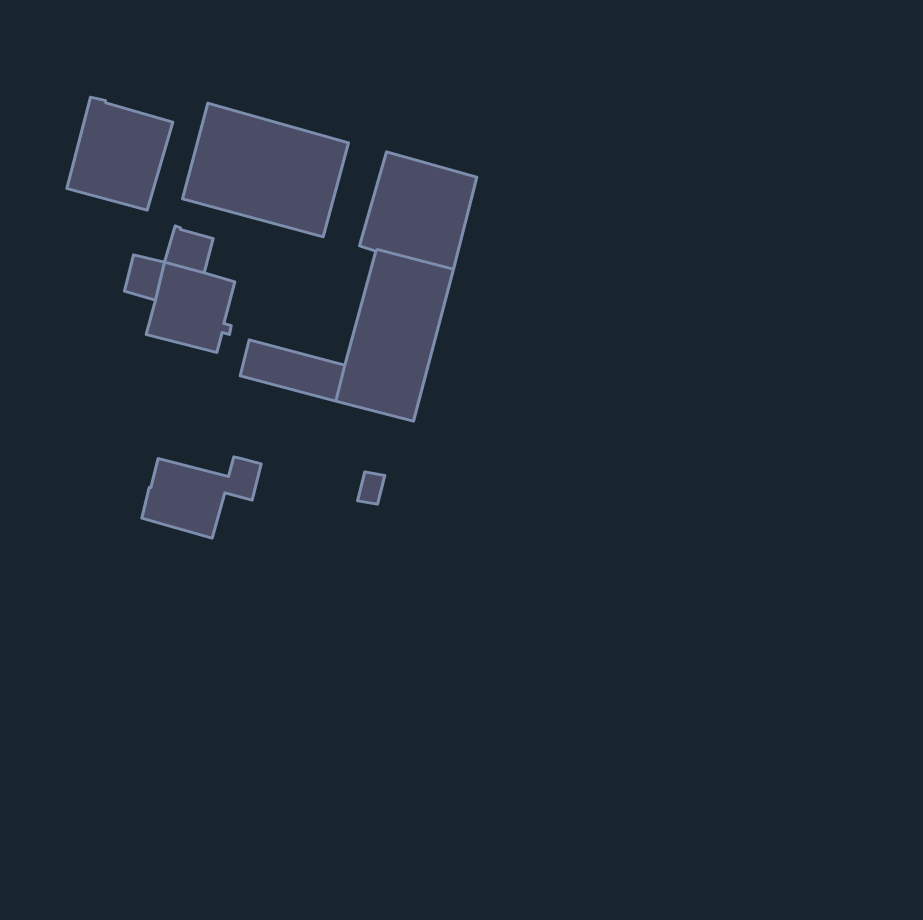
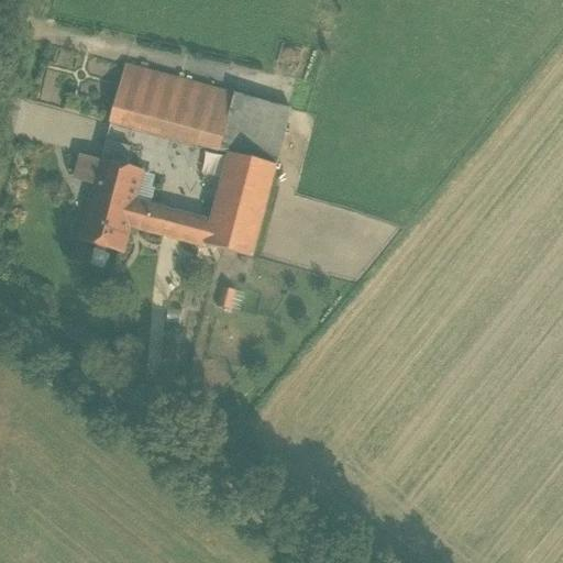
building: [67,97,173,210] -> none
building: none -> [197,87,235,150]
building: [142,457,261,538] -> [79,202,152,252]

